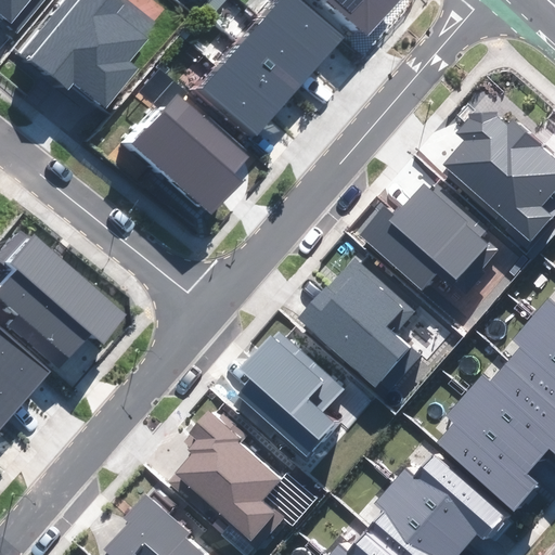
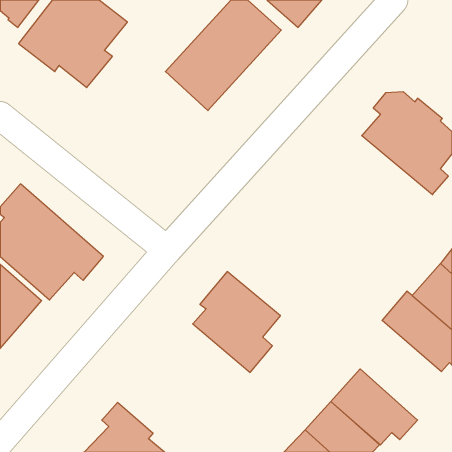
building: [131,93,255,215] -> none
building: [358,185,501,289] -> none
building: [299,259,417,396] -> none
building: [429,392,541,511] -> none
building: [172,412,283,545] -> none

